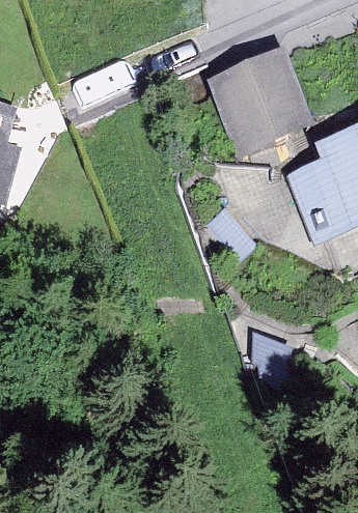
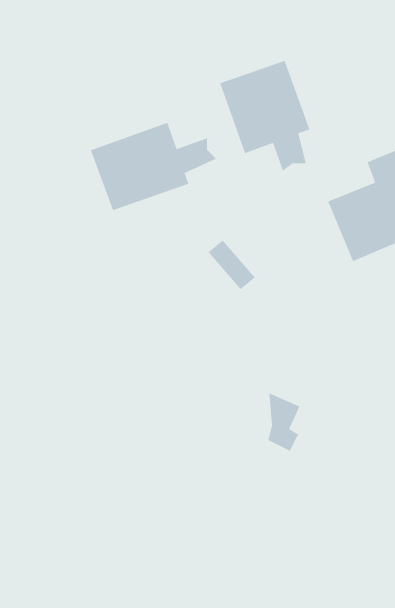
building: none -> [90,122,217,211]

